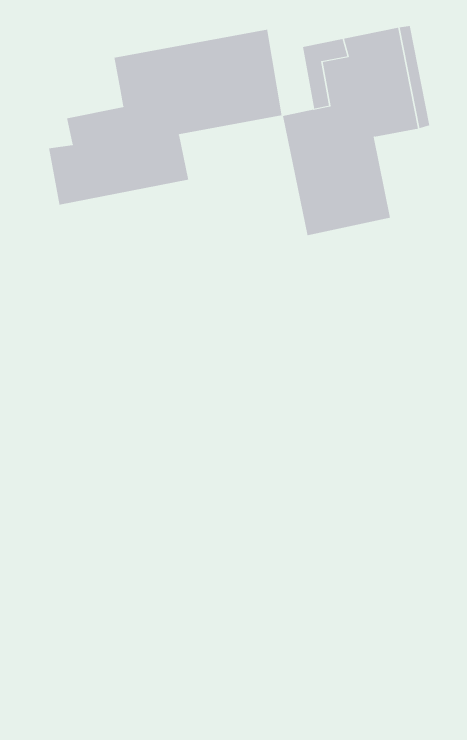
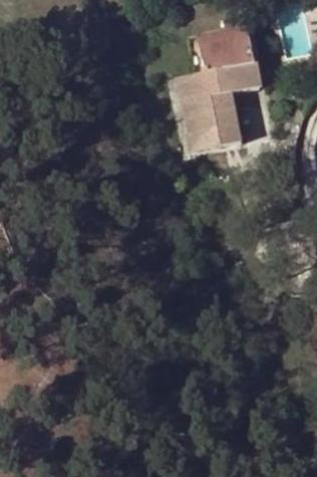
building: [49,29,282,205] -> none

